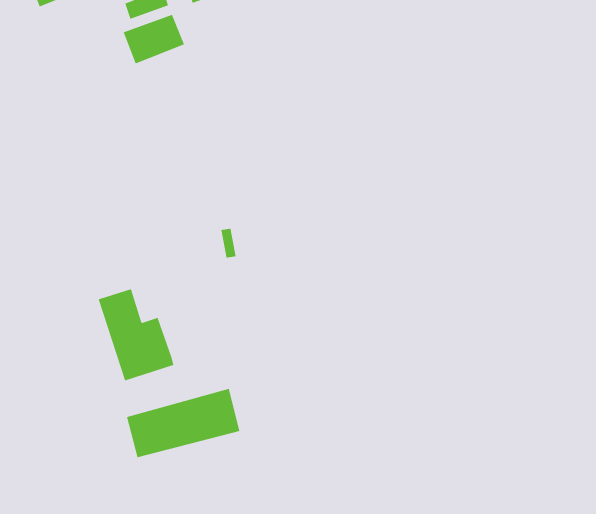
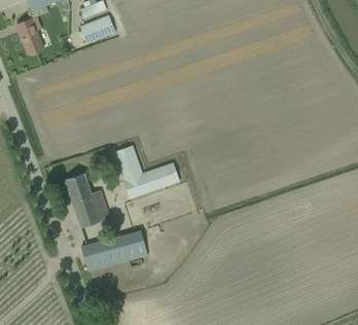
building: none -> [16,17,43,55]
building: none -> [112,144,179,198]

